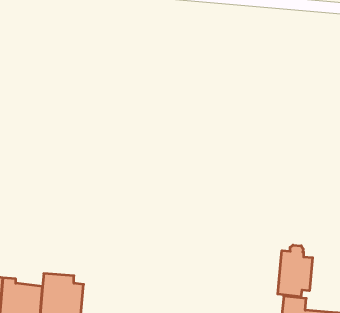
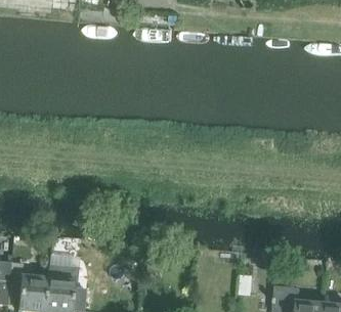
building: [278,245,313,297] -> none

